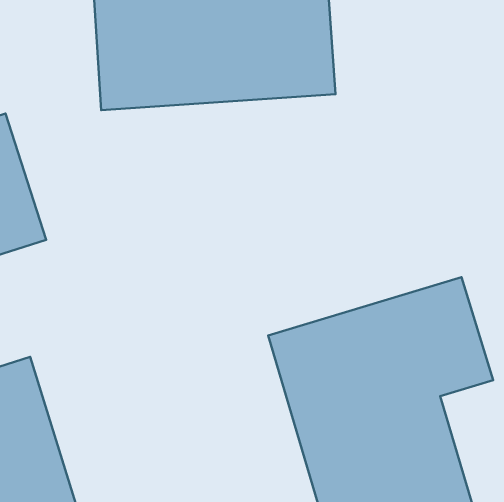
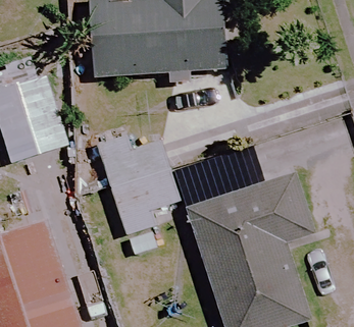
building: none -> [100,141,176,234]

